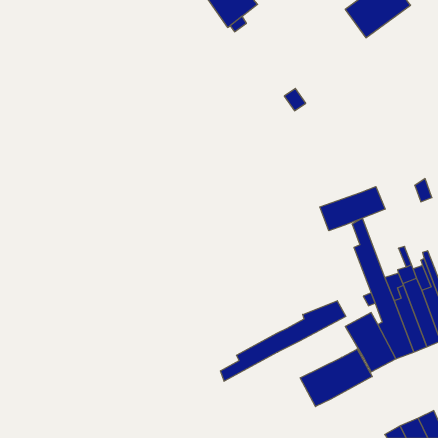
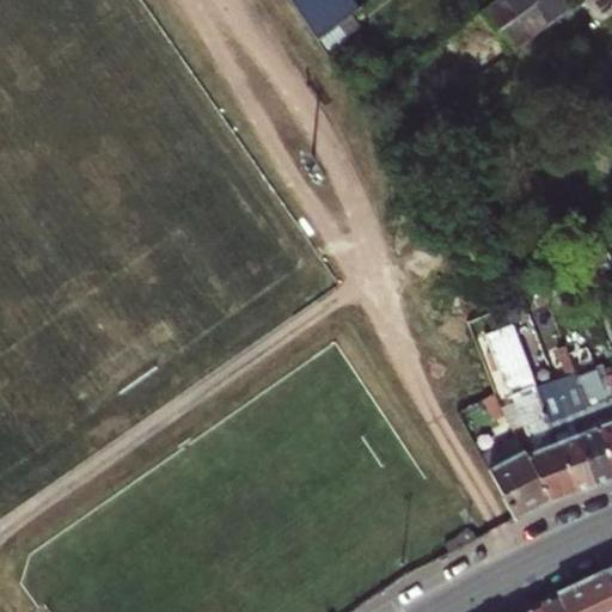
building: [320,187,385,231] -> none
building: [221,301,346,381] -> none
building: [300,349,372,407] -> none

